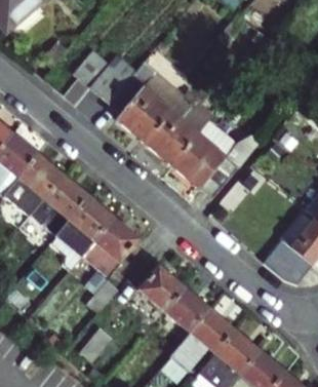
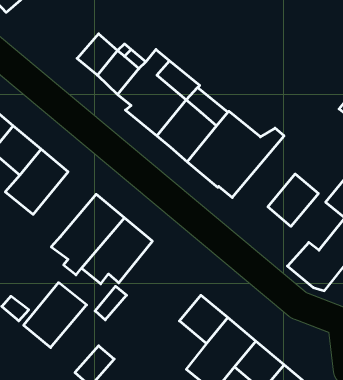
building: [31,175,88,234] -> [24,283,87,348]
building: none -> [268,174,318,226]
building: [138,265,184,311] -> none

